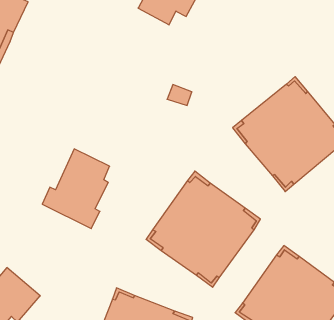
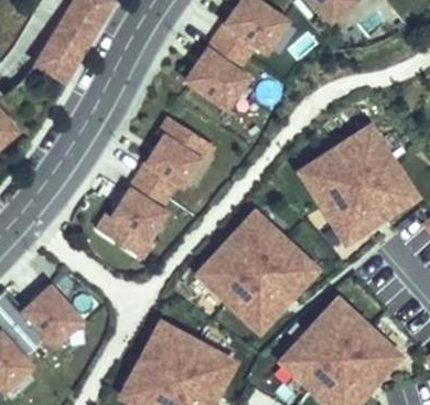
building: none -> [186,36,247,107]
building: none -> [133,115,213,195]

